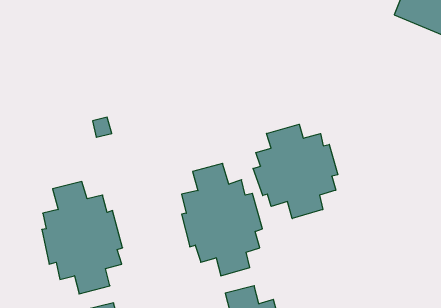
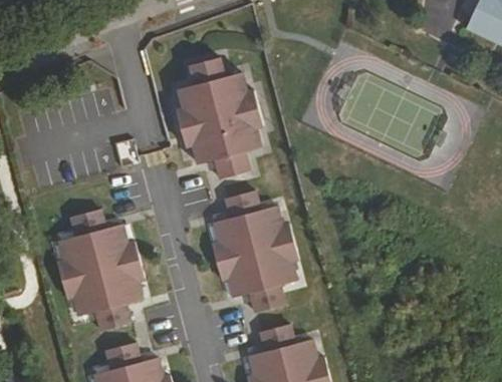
building: none -> [177,57,266,179]
building: [253,124,338,219] -> none

